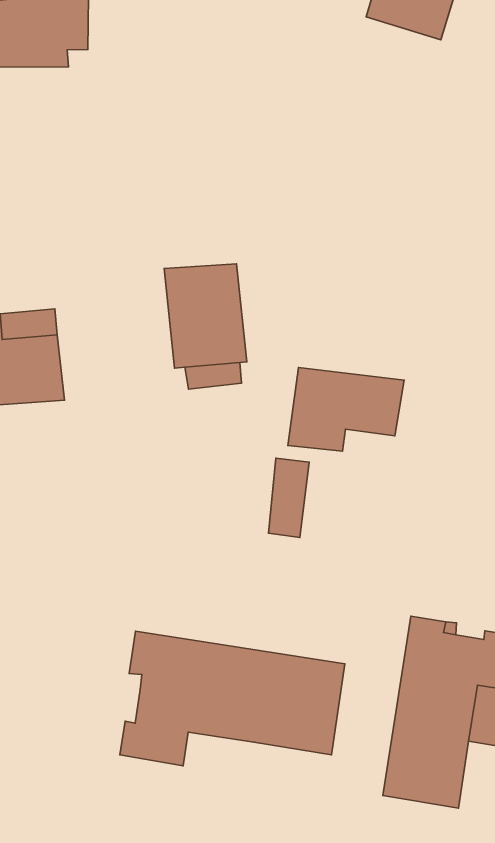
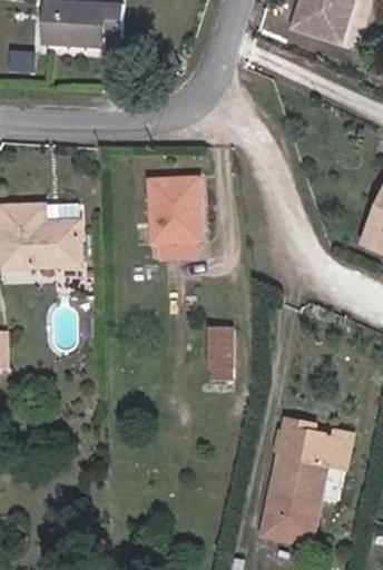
building: [288,367,404,451] -> none
building: [120,631,345,766] -> none

